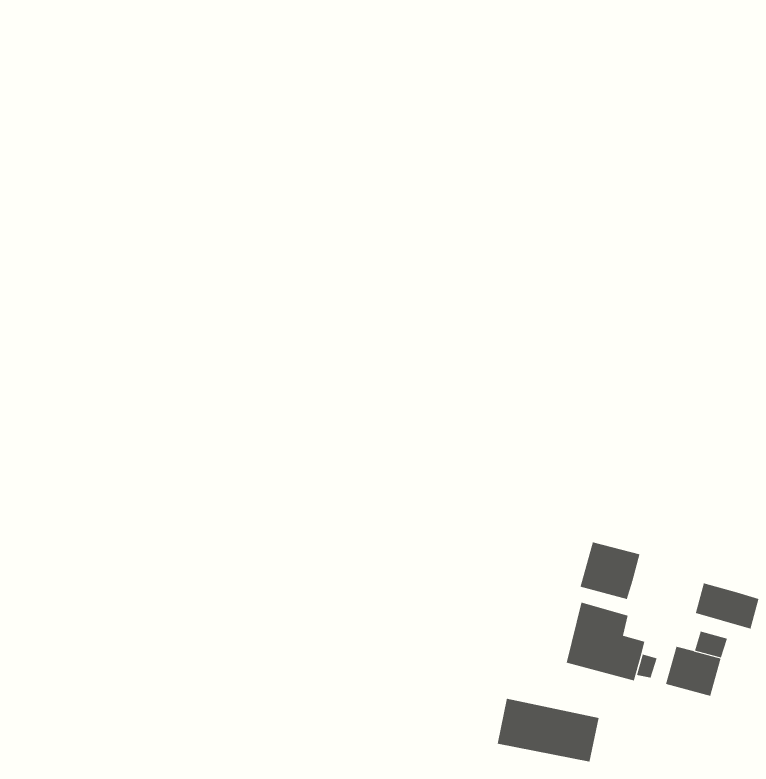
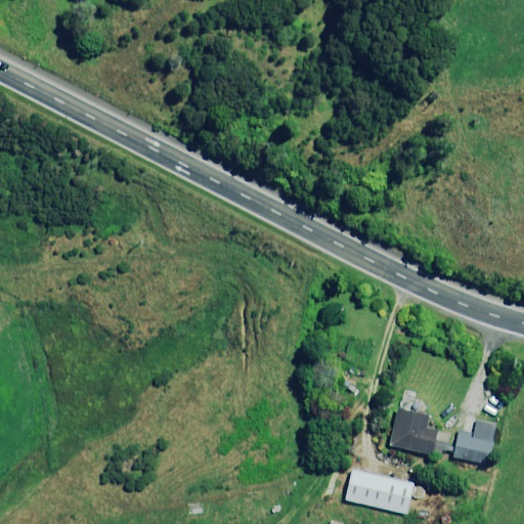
building: [580,541,640,600] -> none
building: [695,583,759,629] -> none

